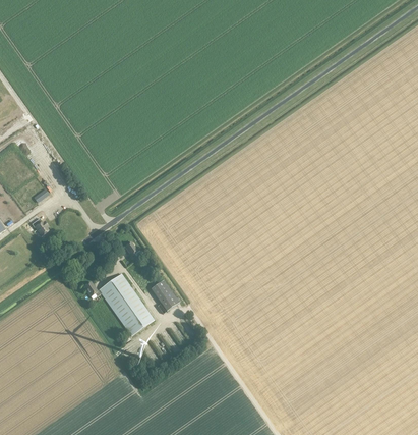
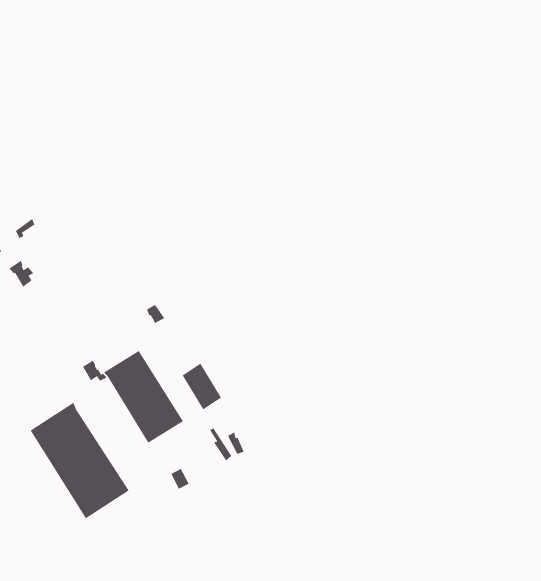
building: none -> [30,402,130,519]

